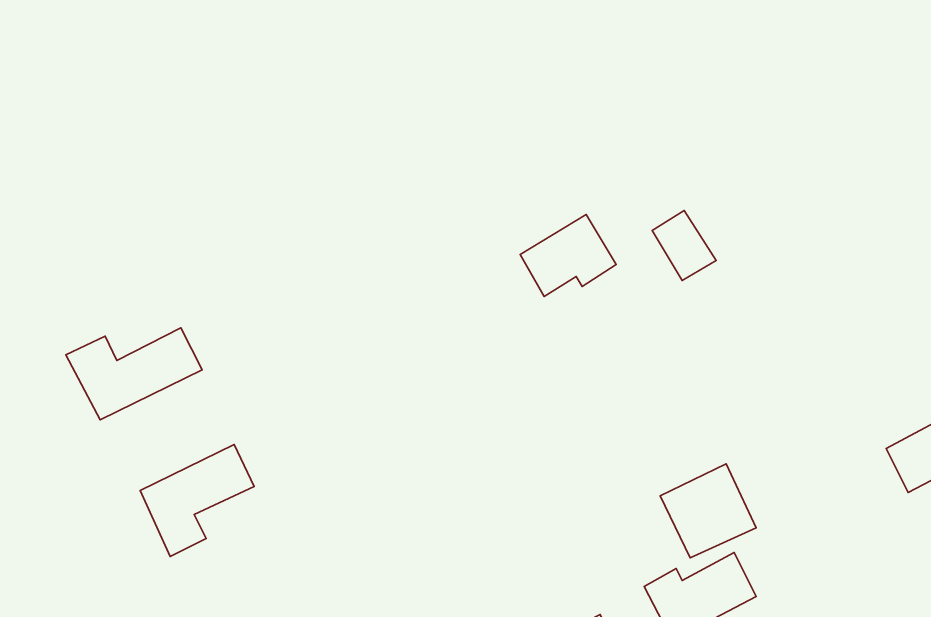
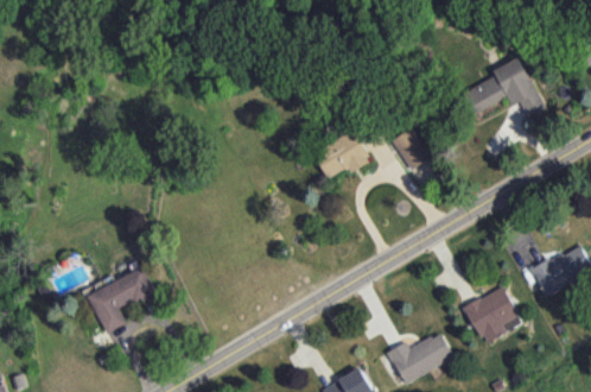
building: none -> [465,57,545,116]
building: [66,328,202,420] -> none
building: [660,464,756,558] -> [464,286,521,342]

